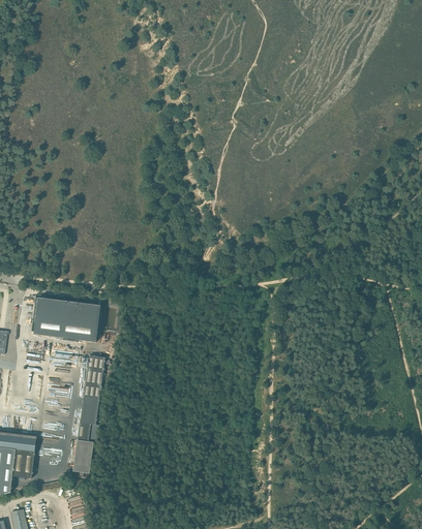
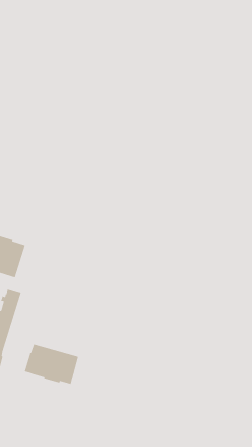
building: none -> [24,344,79,385]

